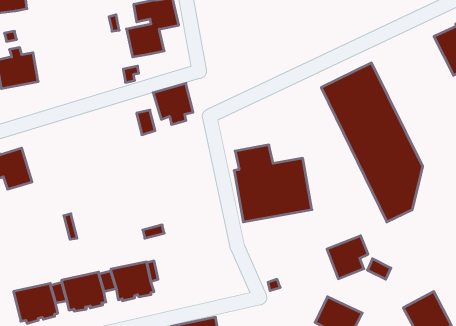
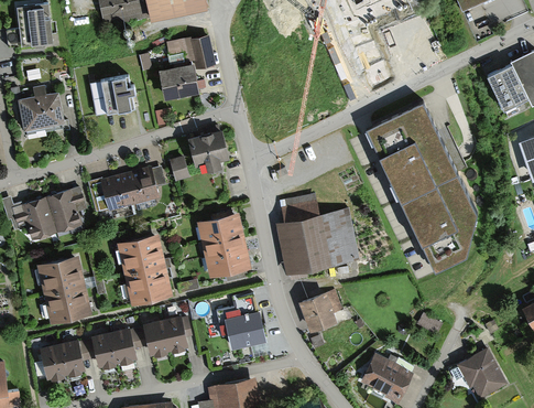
building: none -> [90,75,137,115]
building: none -> [88,164,165,211]
building: none -> [46,185,86,232]
building: none -> [196,212,251,283]
building: none -> [117,234,173,307]
building: none -> [36,256,92,324]
building: [327,236,368,279] -> [298,290,342,336]
building: none -> [216,294,266,352]

